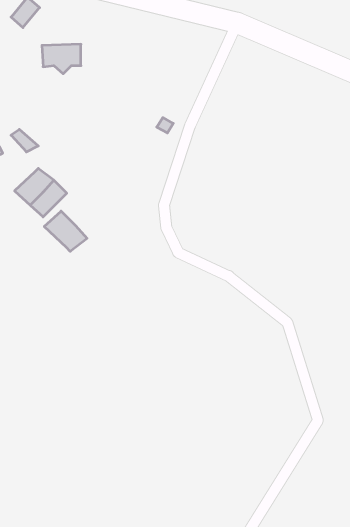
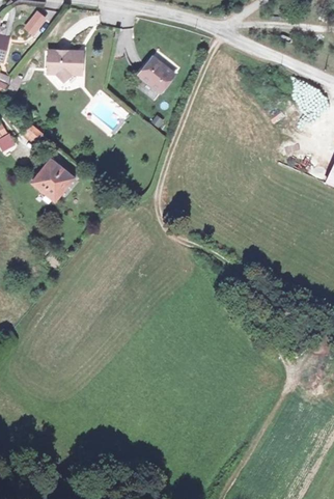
building: none -> [143,50,180,87]
building: [44,211,87,251] -> none

